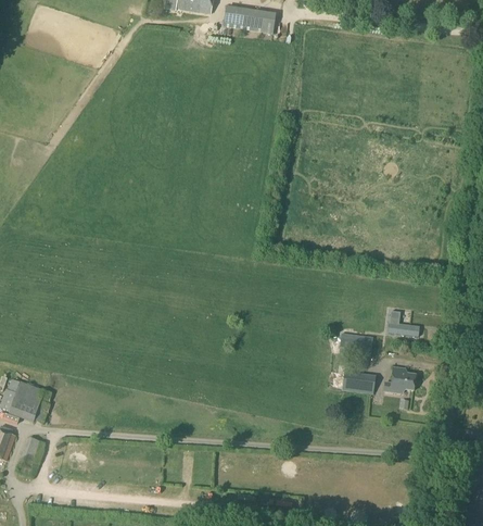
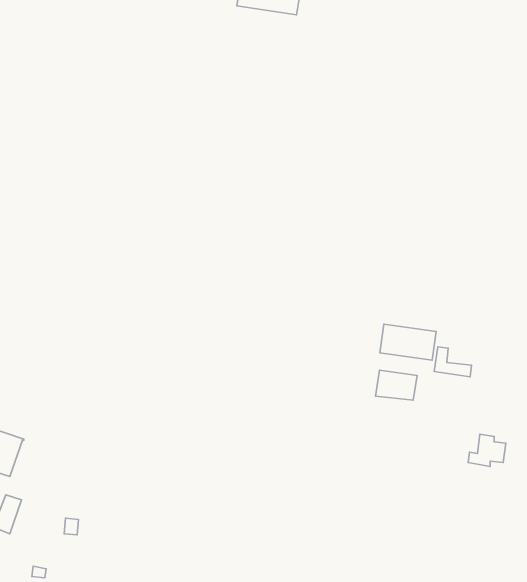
building: none -> [380,324,436,360]
building: [383,365,415,392] -> [468,434,506,466]
building: [341,371,374,392] -> none

